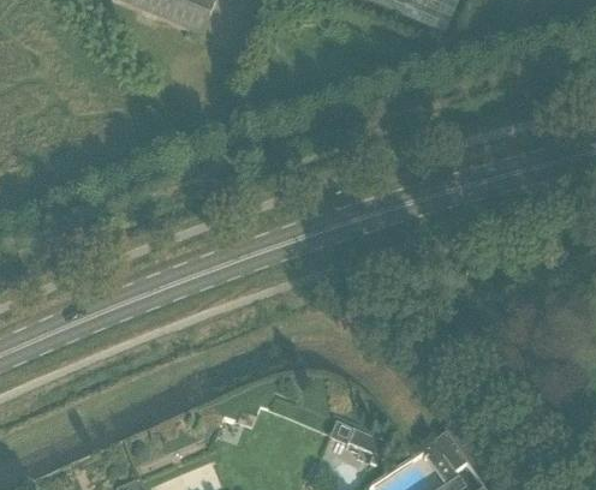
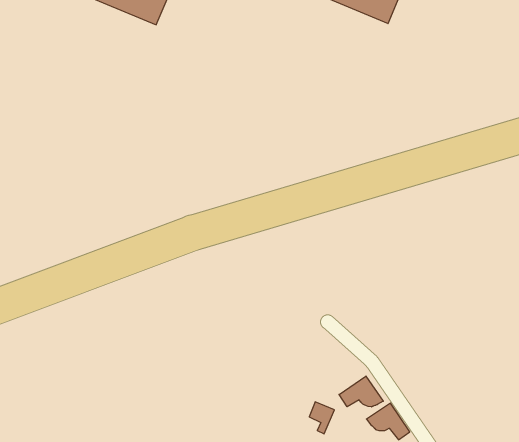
building: none -> [339,376,383,407]

